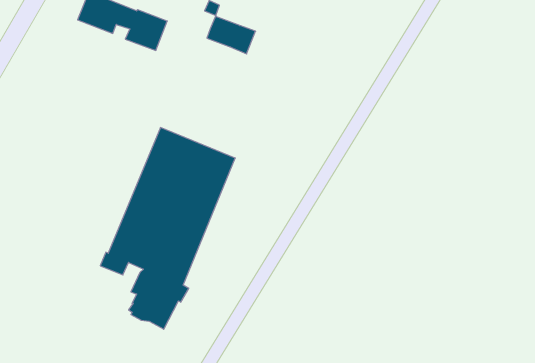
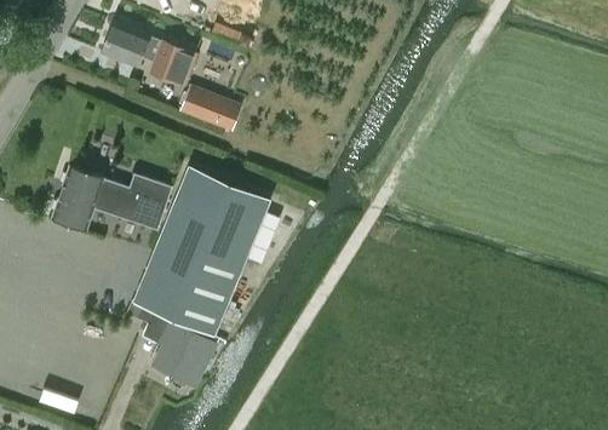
building: [207,15,256,54] -> [174,84,226,125]
building: none -> [52,167,168,228]

